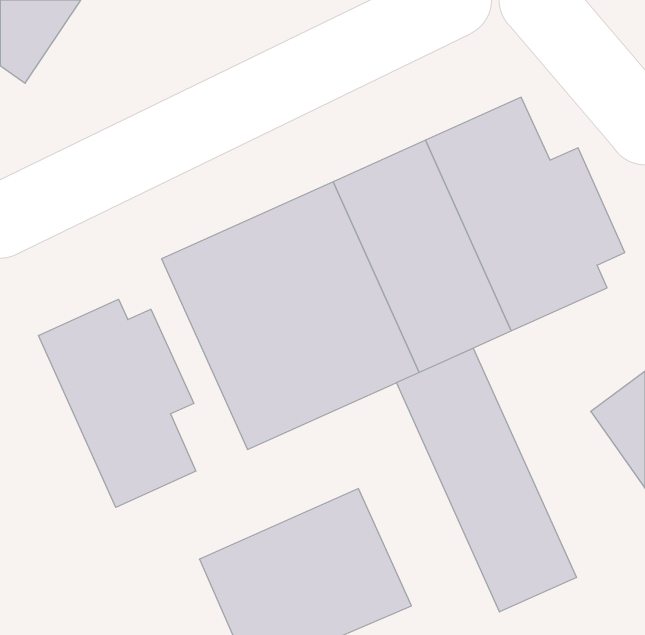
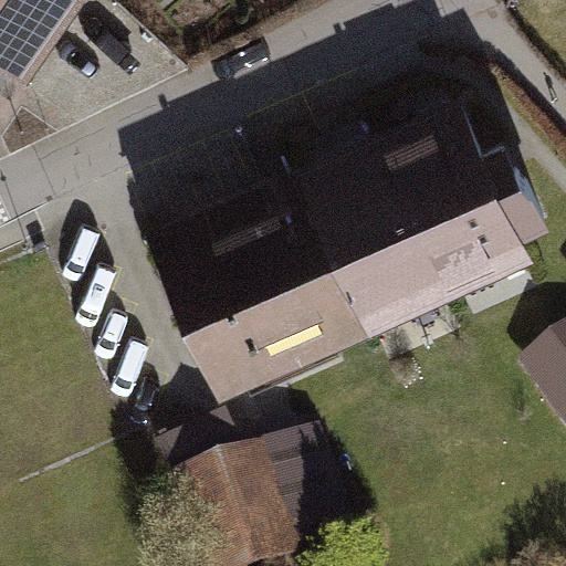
building: [39,299,196,507] -> none
building: [396,348,576,612] -> none

